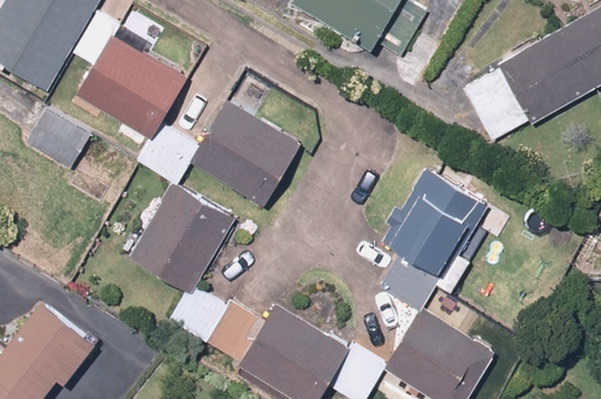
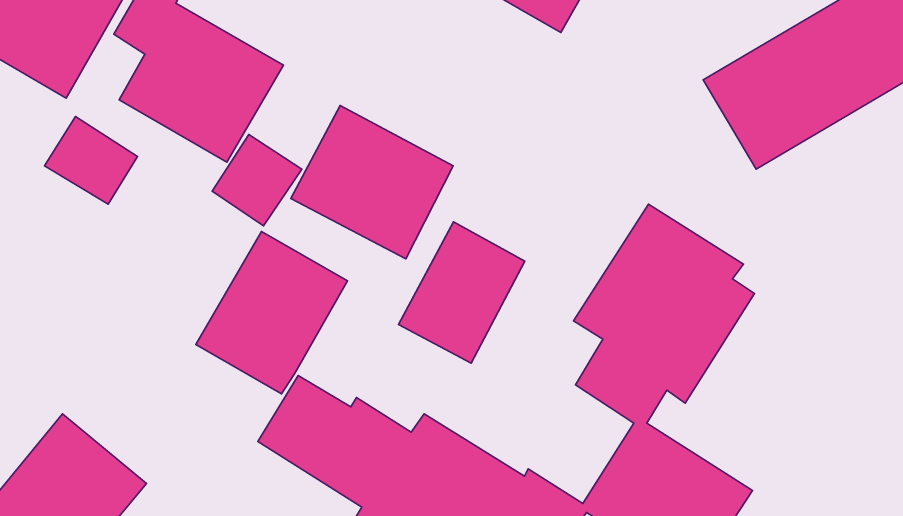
building: none -> [398,222,525,363]

